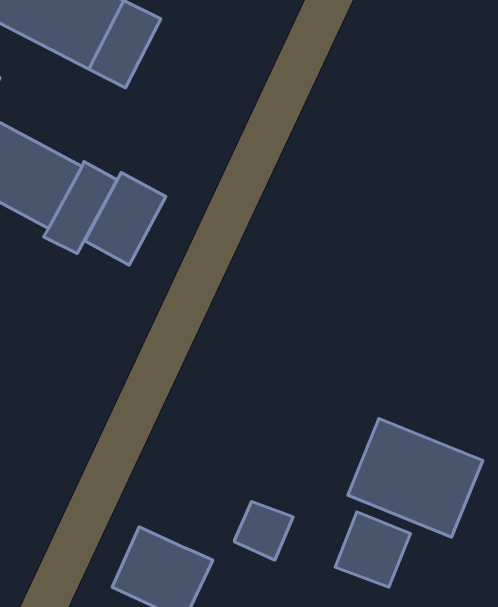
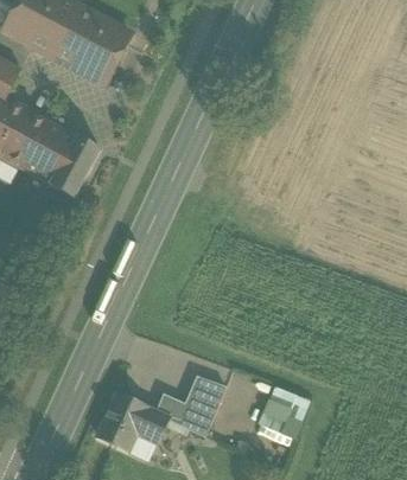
building: [85,172,166,265] -> none
building: [348,418,483,537] -> none
building: none -> [155,391,212,434]

